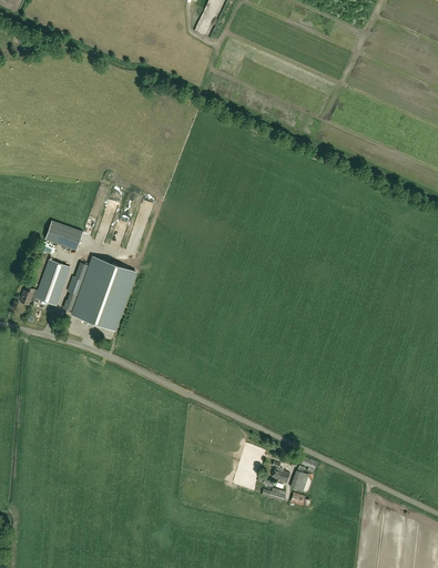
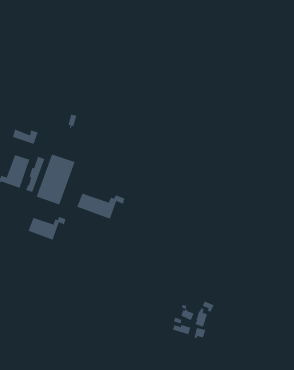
building: none -> [77,193,125,220]
building: none -> [28,216,66,240]

